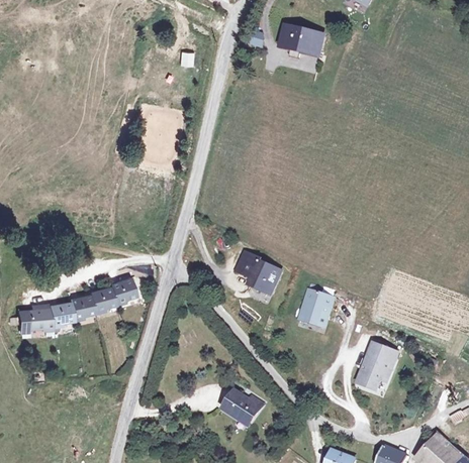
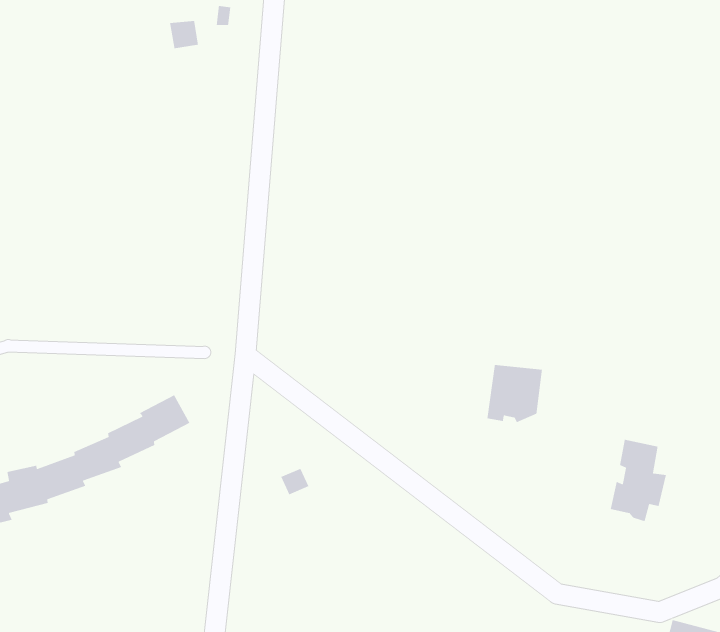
building: [237,253,281,294] -> none
building: [223,392,262,426] -> none

